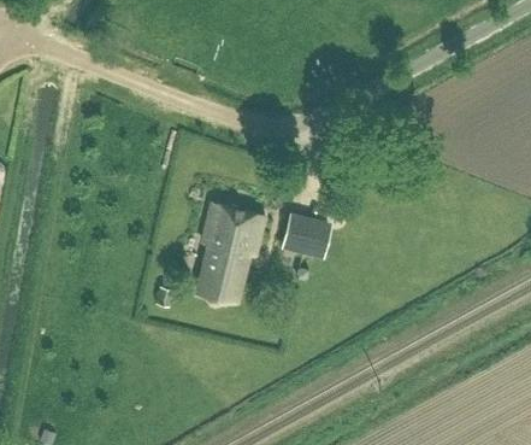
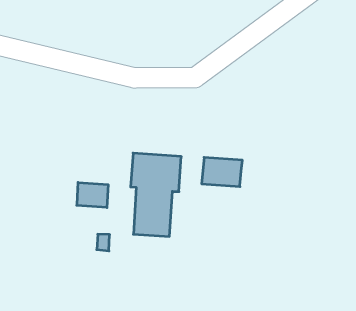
building: none -> [77,182,108,208]

